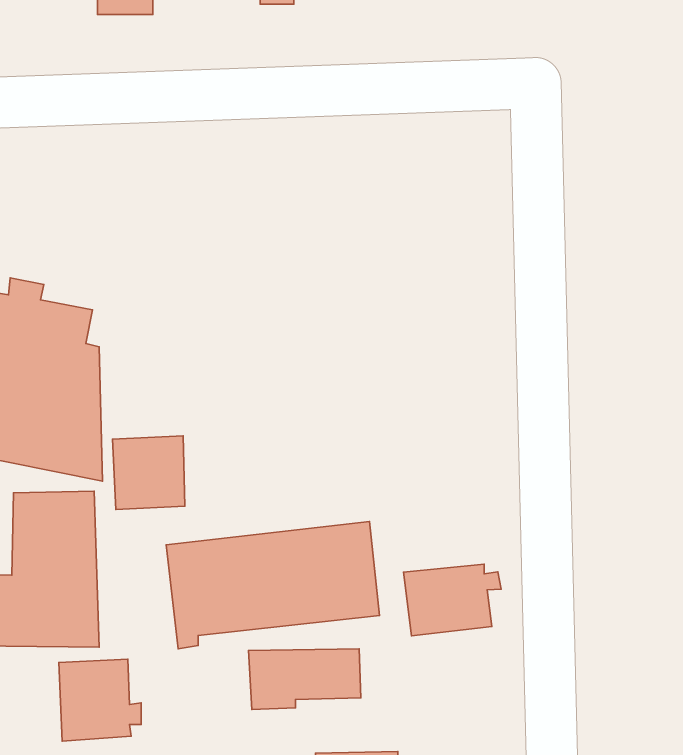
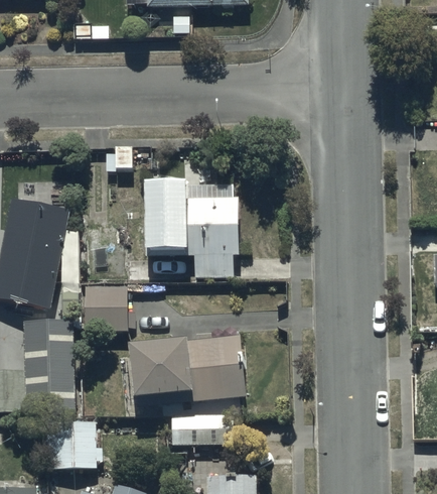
building: none -> [144,178,241,274]
building: [404,564,501,636] -> none

